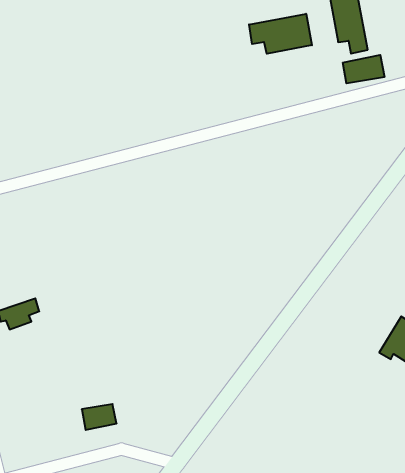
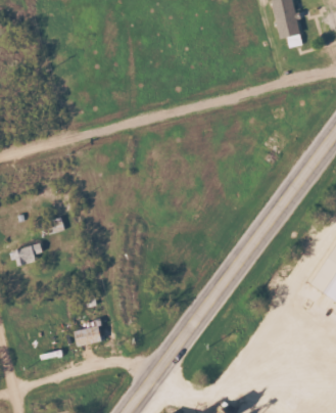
building: [249,14,312,54] -> none
building: [343,55,384,83] -> none

